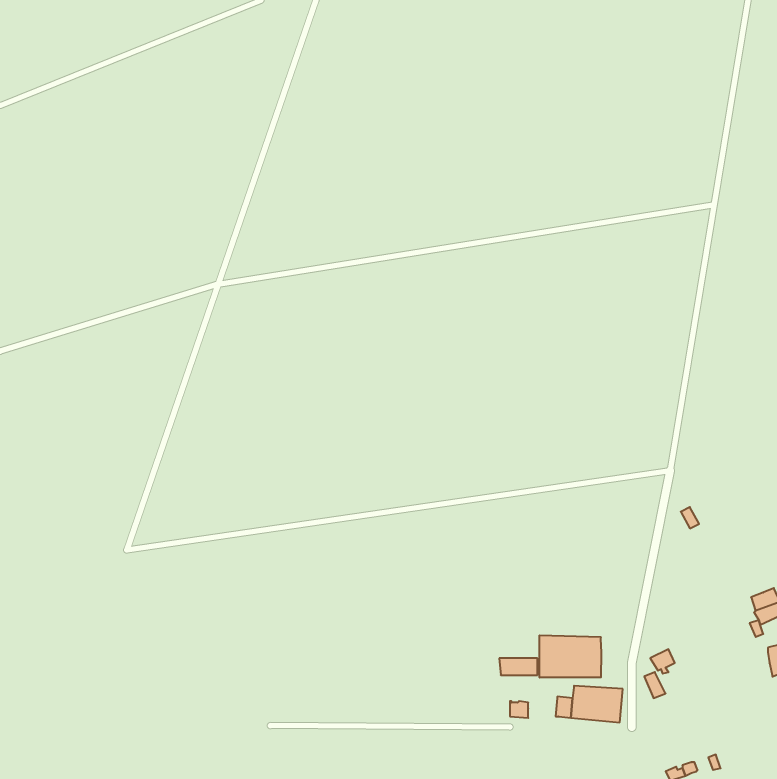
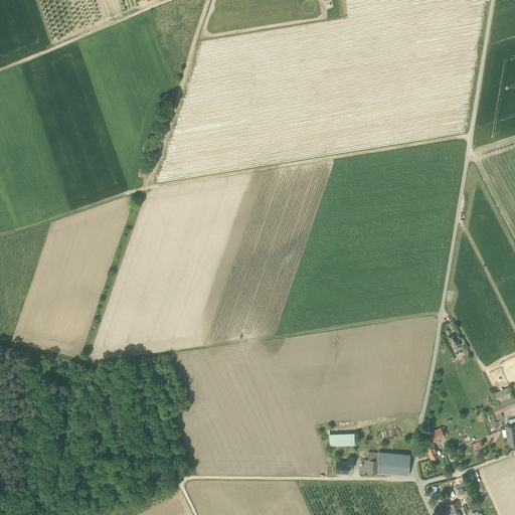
building: [540,635,601,678] -> none

